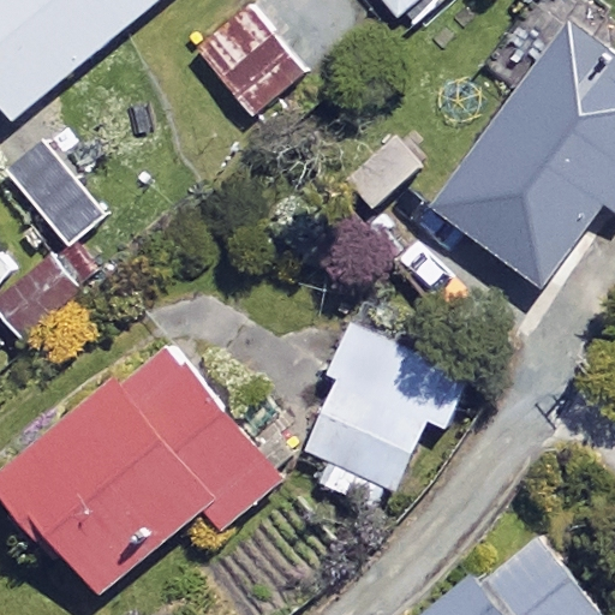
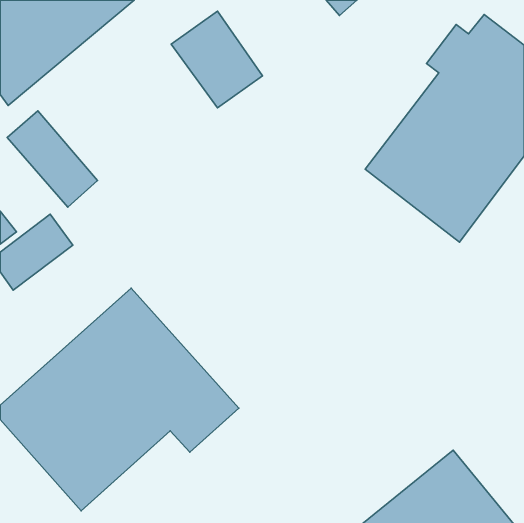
building: [303,320,466,521] -> none

